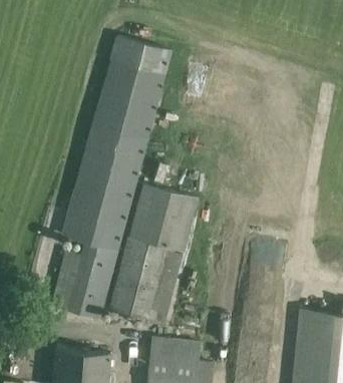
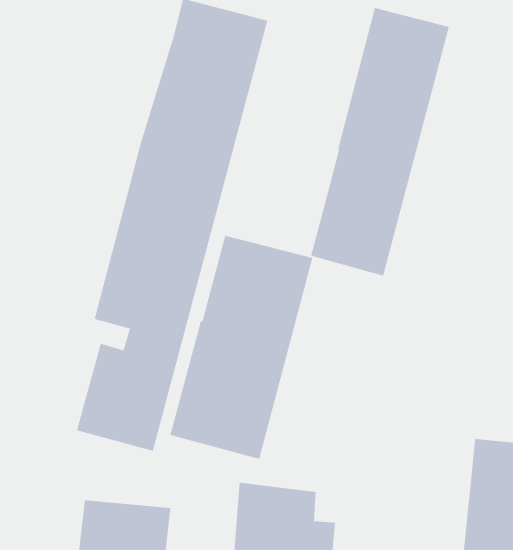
building: none -> [311,7,449,276]

